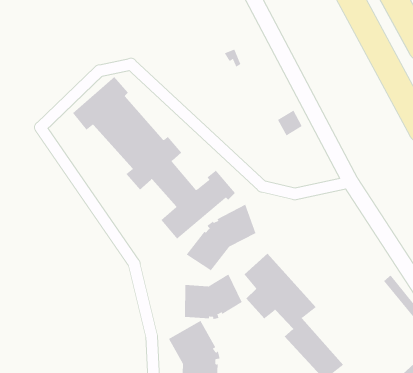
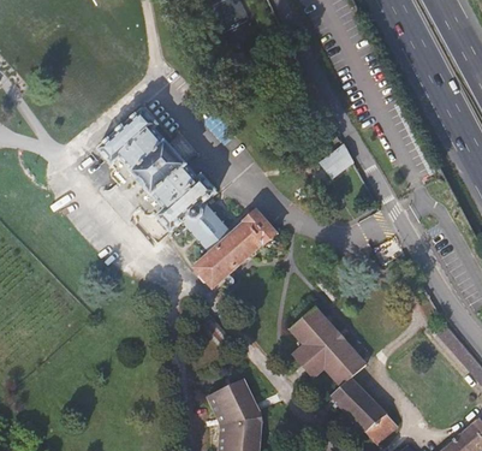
building: [186,204,256,271] -> none
building: [184,274,242,320] -> none

